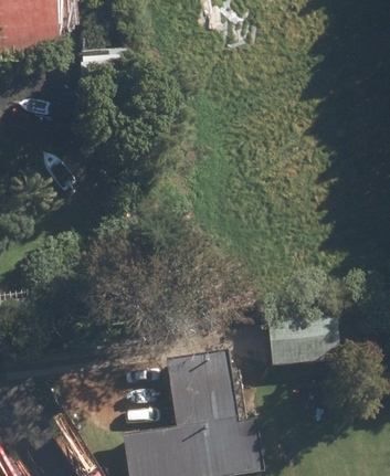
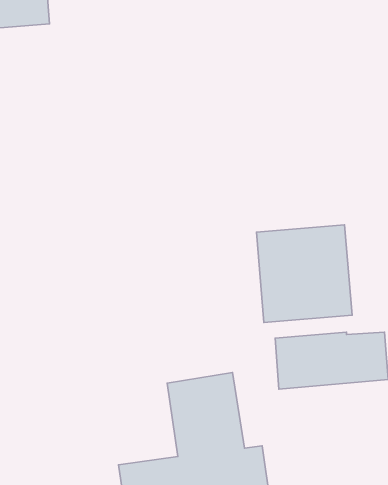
building: none -> [256,225,352,323]

